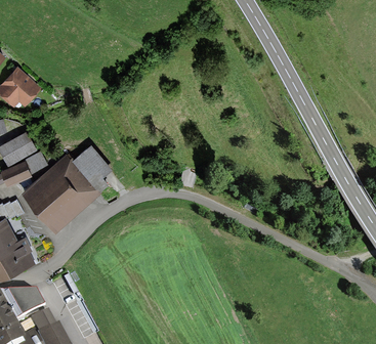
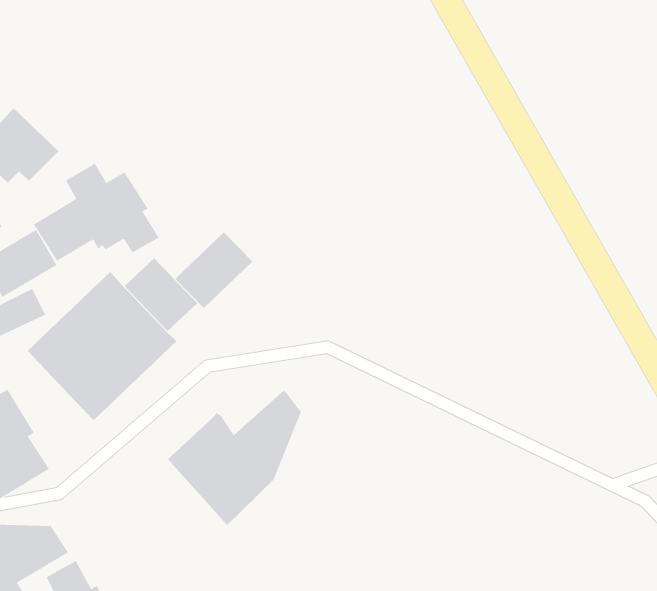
building: none -> [33,163,159,262]
building: none -> [175,231,253,309]
building: none -> [167,389,302,526]

